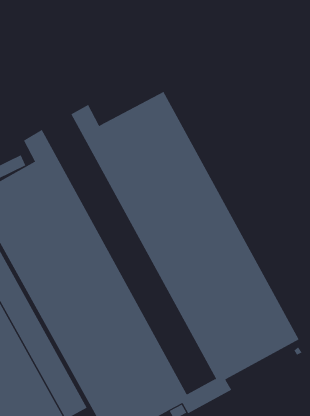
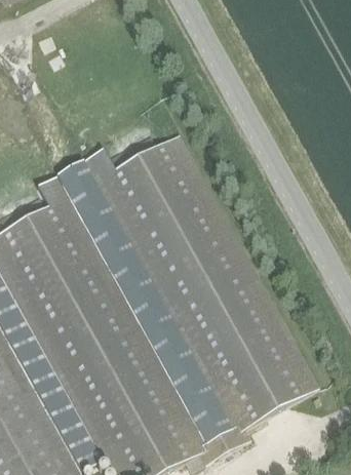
building: none -> [54,158,231,443]

